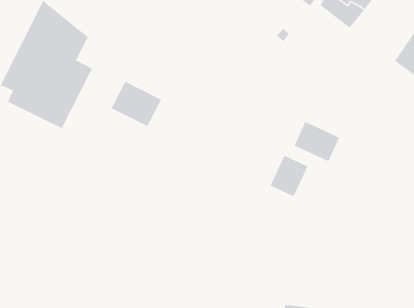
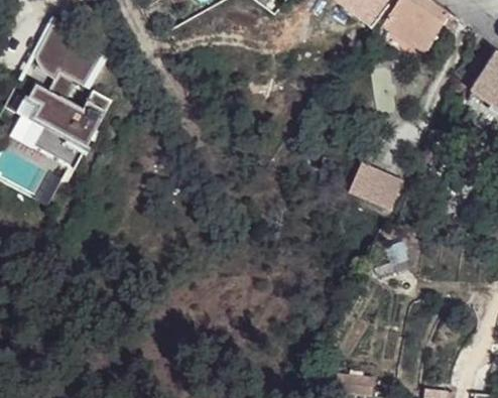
building: [111,81,162,127] -> none
building: [270,155,308,197] -> none

